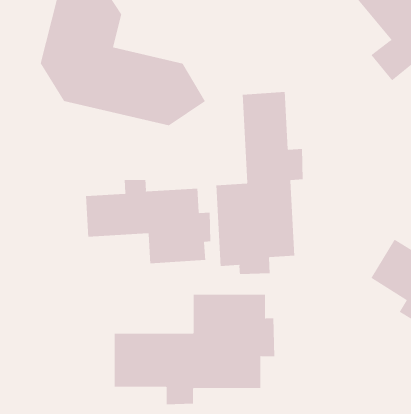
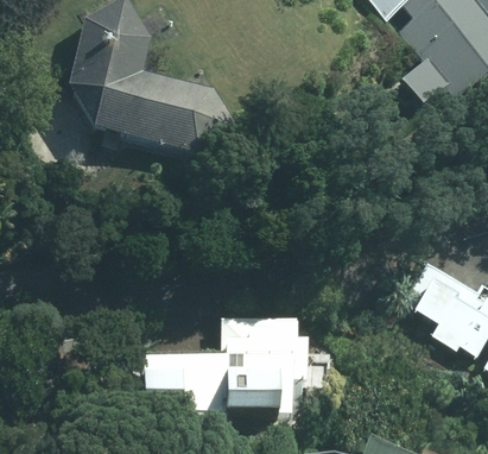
building: [216,91,303,275] -> none
building: [85,179,211,264] -> none

